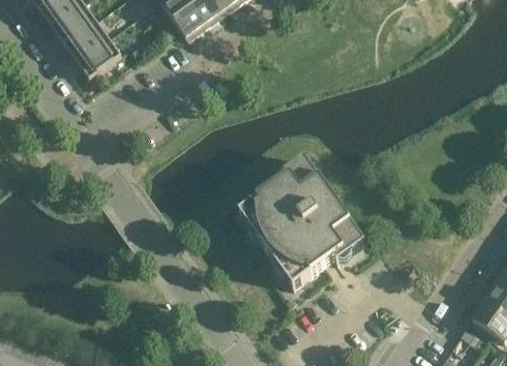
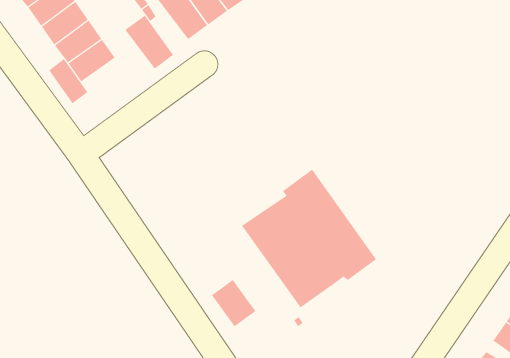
building: none -> [125,15,174,70]
building: none -> [48,58,88,104]
building: none -> [211,279,256,327]

